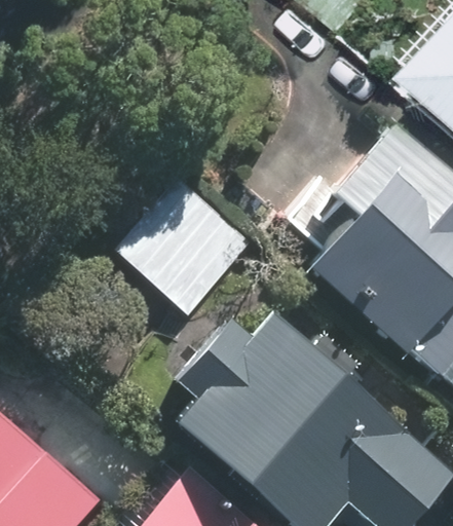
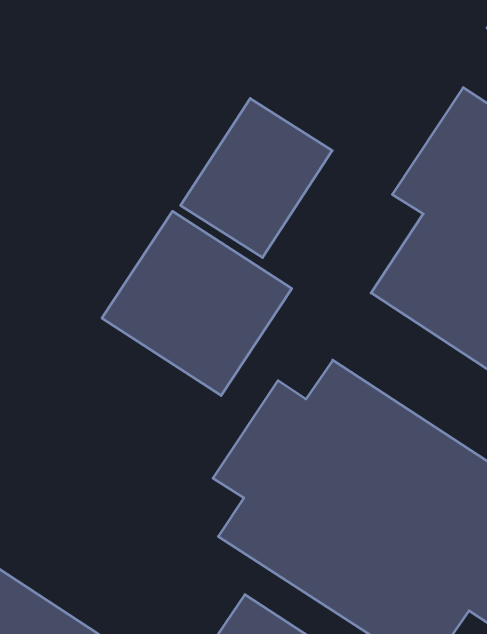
building: none -> [181,98,332,258]

